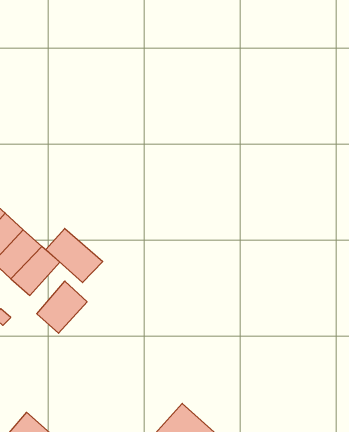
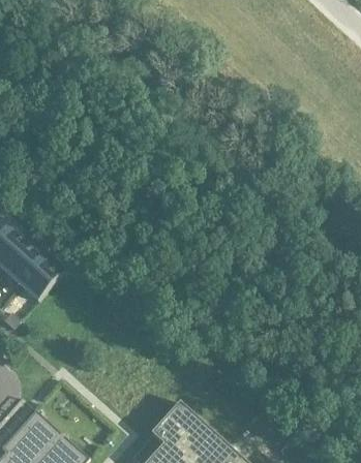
building: [46,228,103,283] -> none
building: [37,281,87,333] -> none

